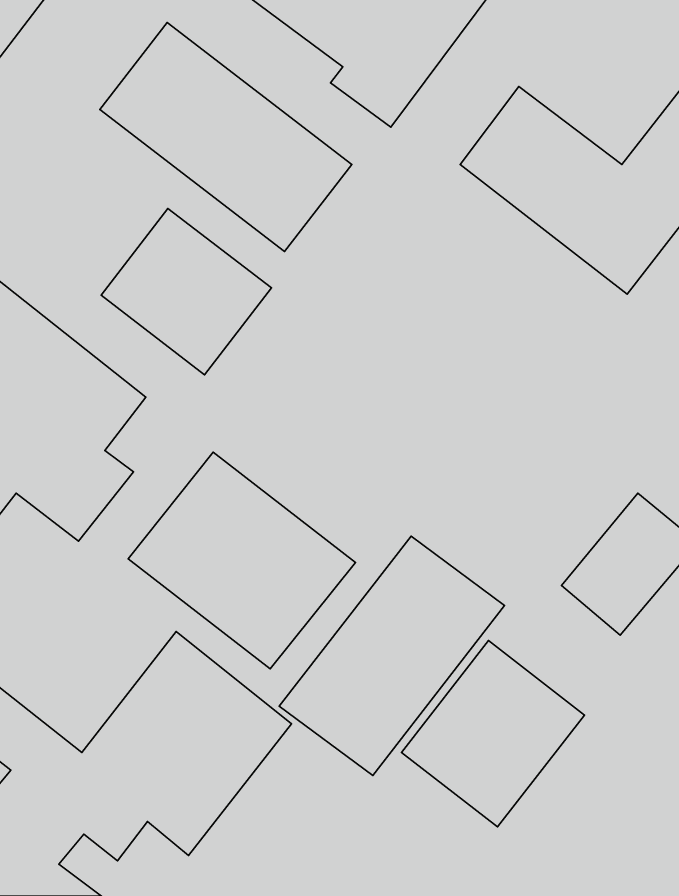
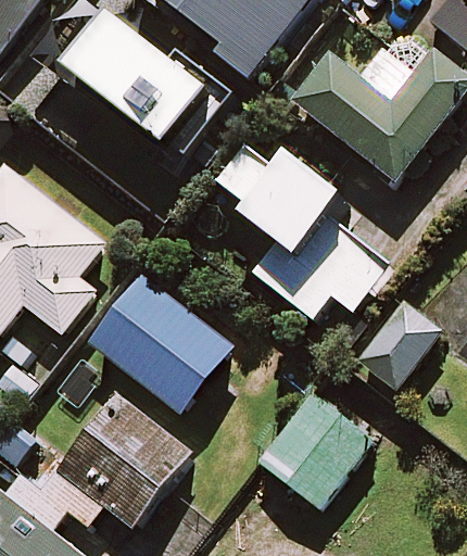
building: [101,208,271,375] -> none
building: none -> [211,146,387,318]
building: [279,536,504,775] -> none

